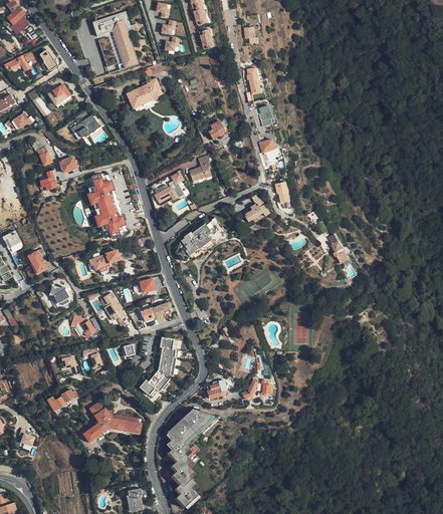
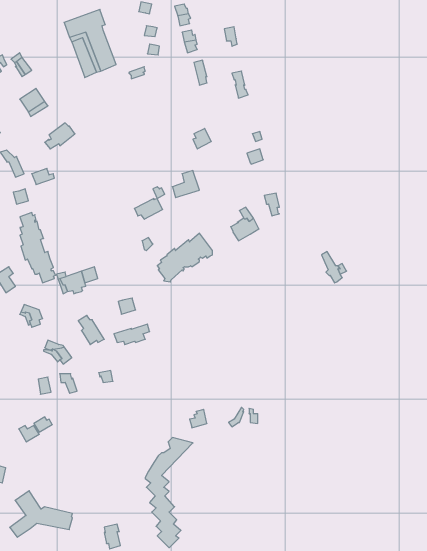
building: [126,76,163,107] -> none
building: [90,173,124,238] -> [20,213,56,283]
building: [140,337,175,399] -> none
building: [82,399,141,442] -> [10,491,72,537]

